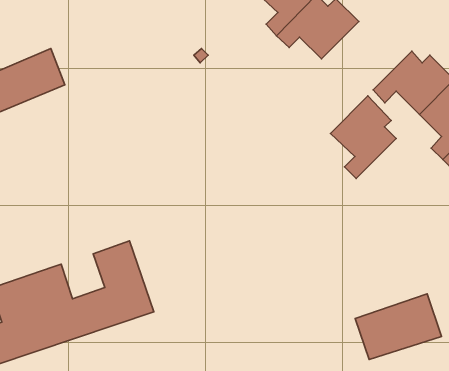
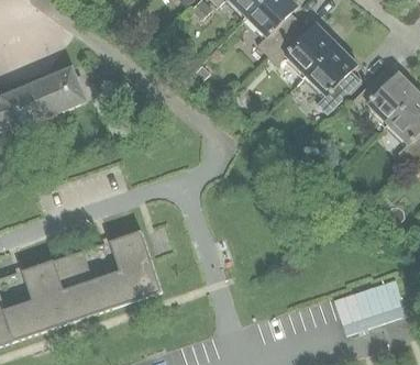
building: [330,96,396,179] -> [305,43,361,113]

